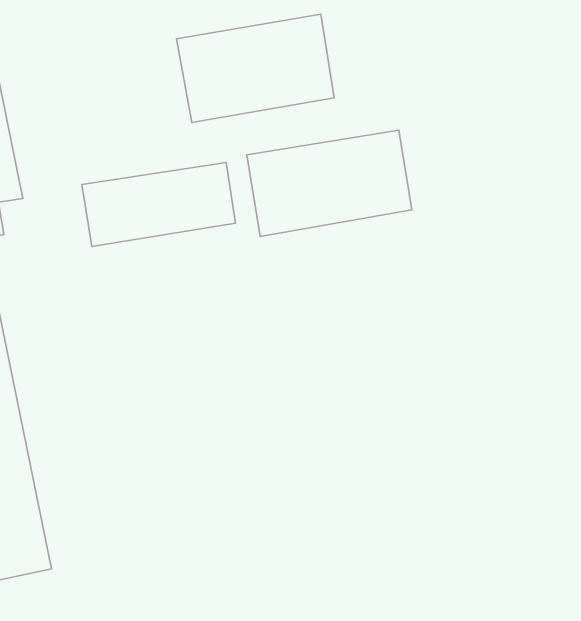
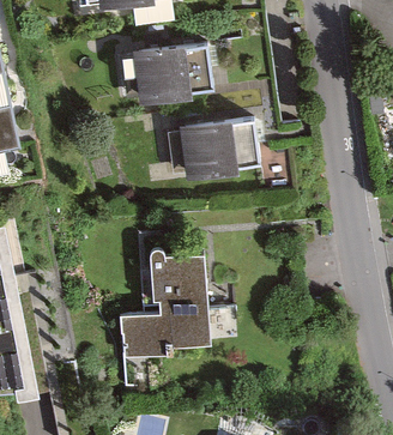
building: [82,163,236,247] -> none
building: none -> [120,248,210,357]

